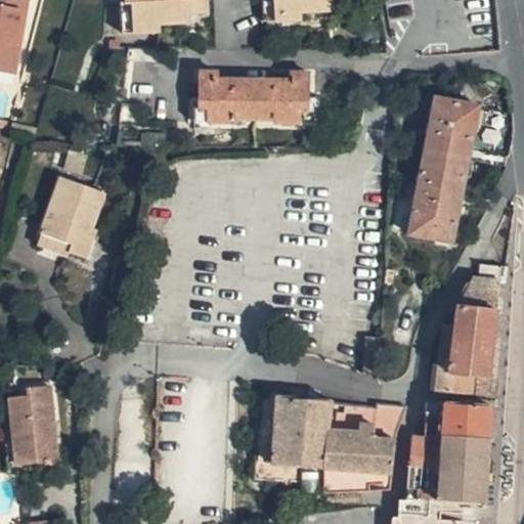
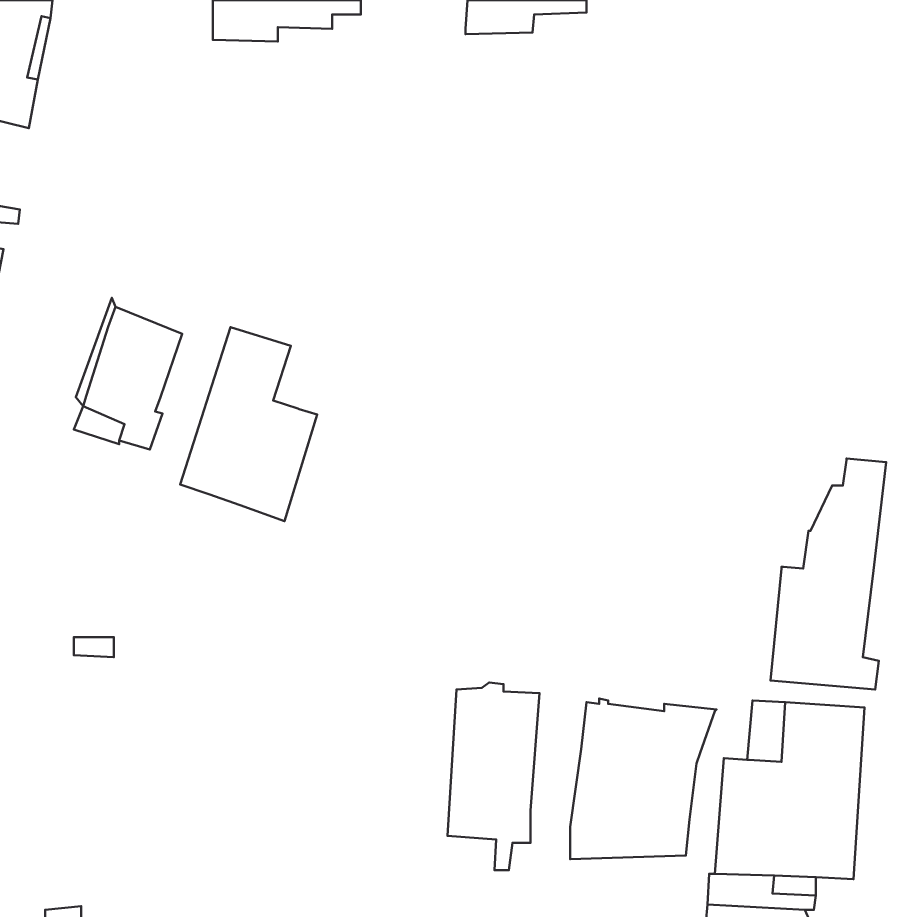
building: [187,73,321,124] -> none
building: [410,96,481,241] -> none
building: none -> [180,327,317,521]
building: [6,383,51,460] -> none
building: [300,396,333,492] -> none

